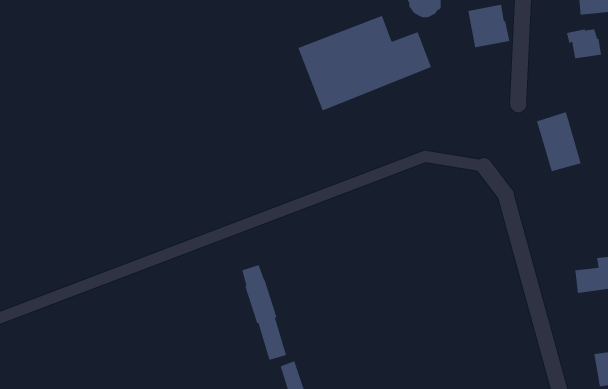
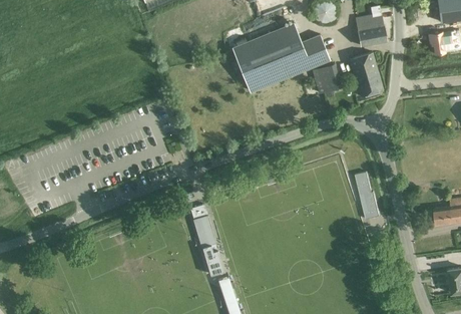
building: none -> [312,63,342,94]
building: [536,111,581,172] -> [350,52,383,96]
building: none -> [355,172,379,220]

